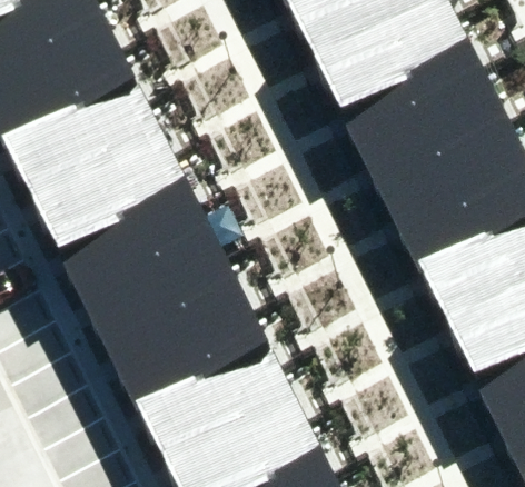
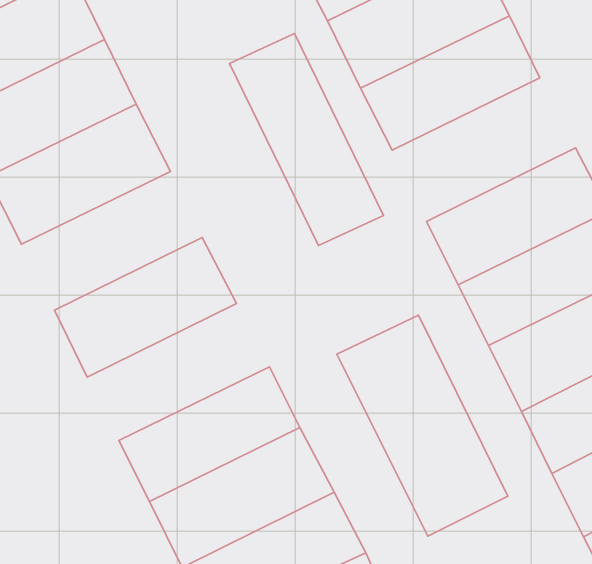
building: none -> [229,33,384,245]
building: [354,71,508,192] -> none
building: [41,150,194,267] -> none
building: [97,261,250,377] -> none
building: none -> [337,315,508,536]

